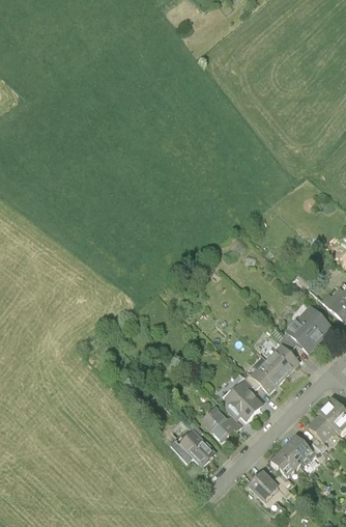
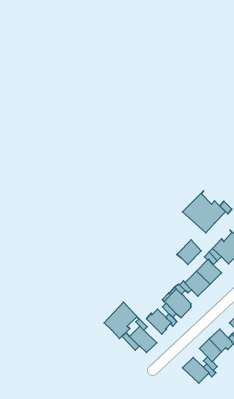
building: none -> [182,191,226,233]
building: none -> [177,240,201,264]
building: none -> [104,302,139,338]

